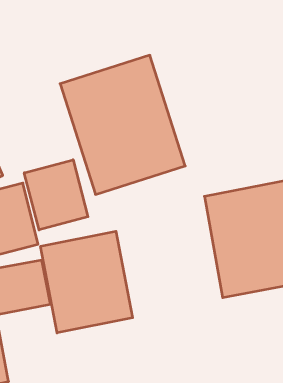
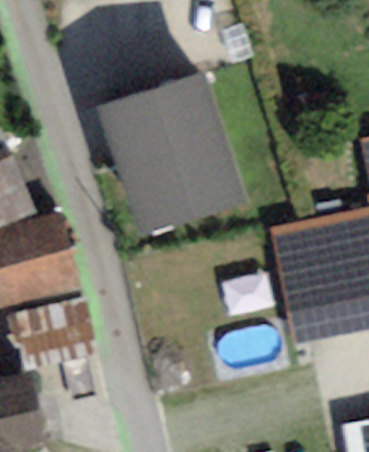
building: [24,160,88,230] -> none
building: [41,231,133,333] -> none

